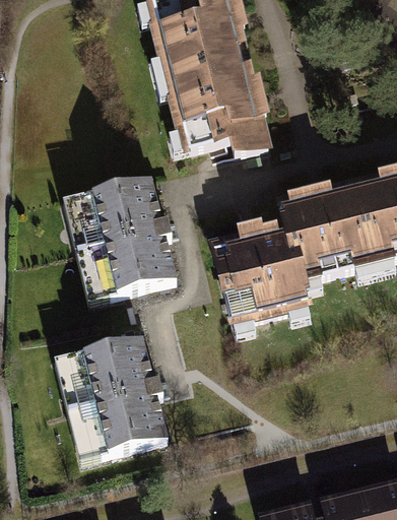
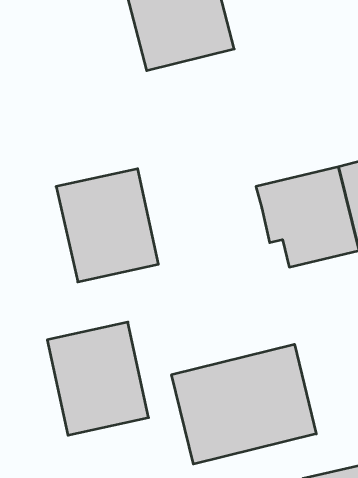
building: [161,59,273,167] -> none
building: [206,223,314,329] -> none
building: none -> [172,344,316,464]

